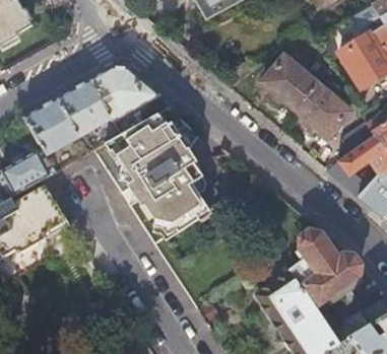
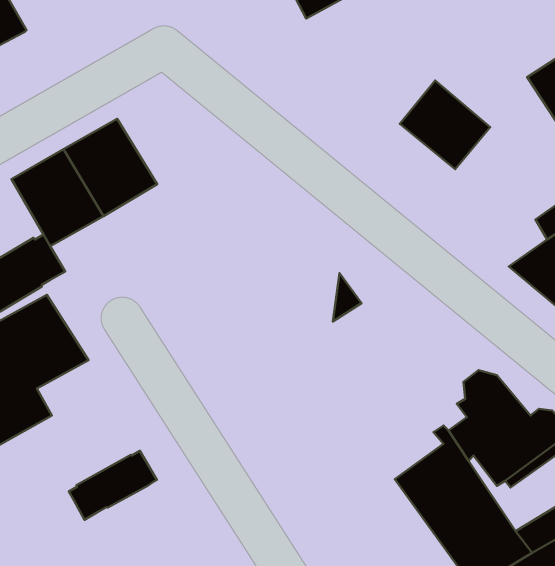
building: [89,67,159,121] -> none
building: [295,84,349,137] -> none
building: [108,118,207,235] -> none
building: none -> [69,451,157,520]

